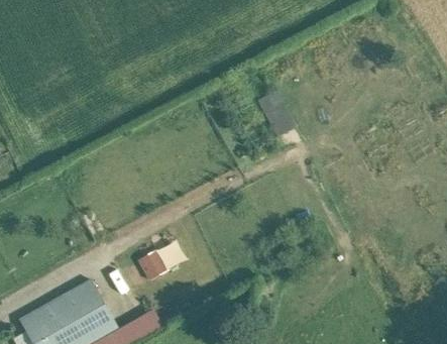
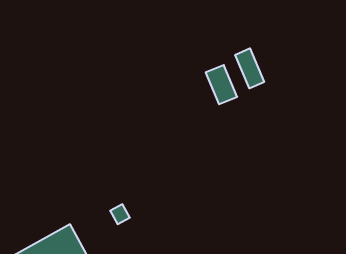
building: none -> [235,48,264,88]

